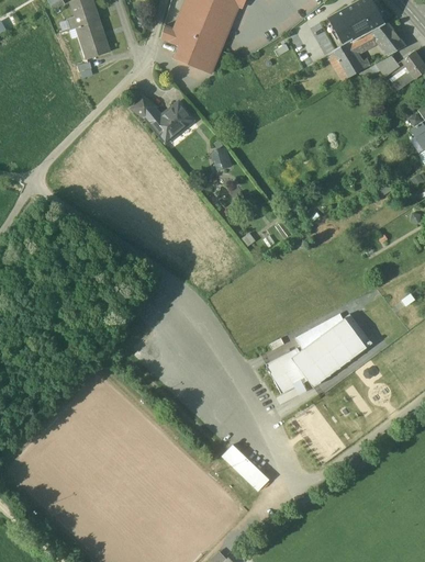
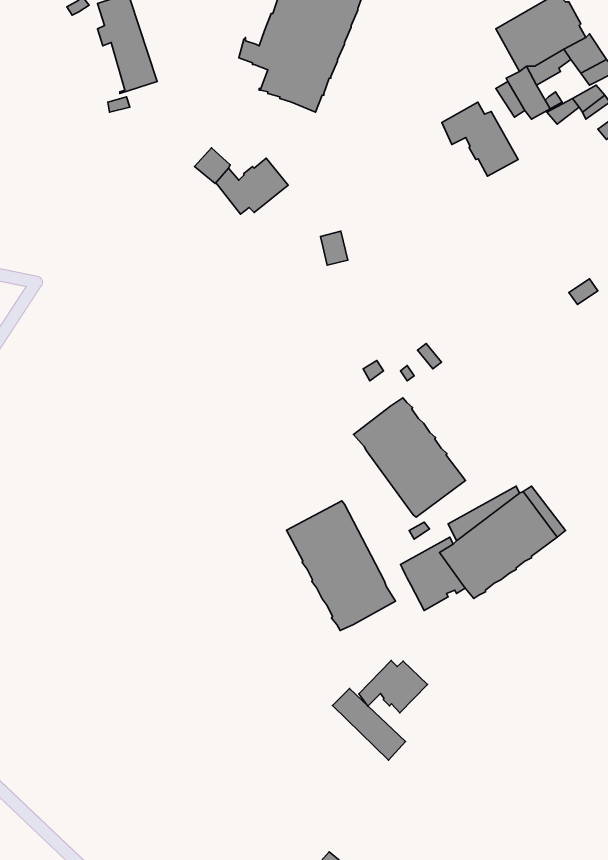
building: none -> [442,102,518,176]
building: none -> [354,398,465,517]
building: none -> [287,501,396,630]
building: none -> [359,660,428,713]

